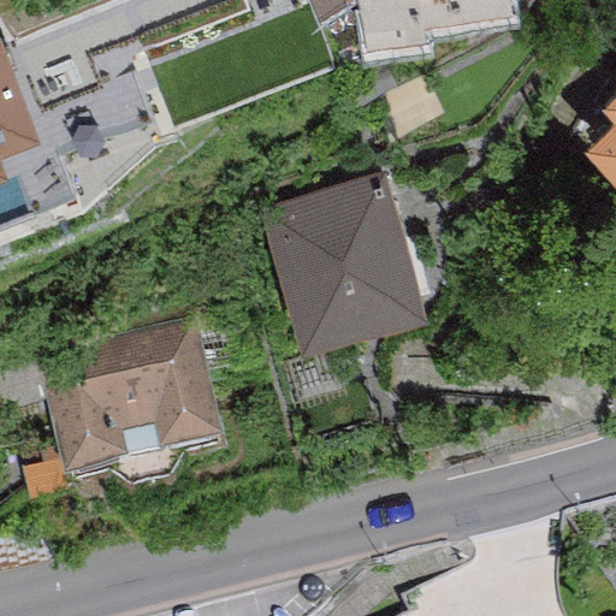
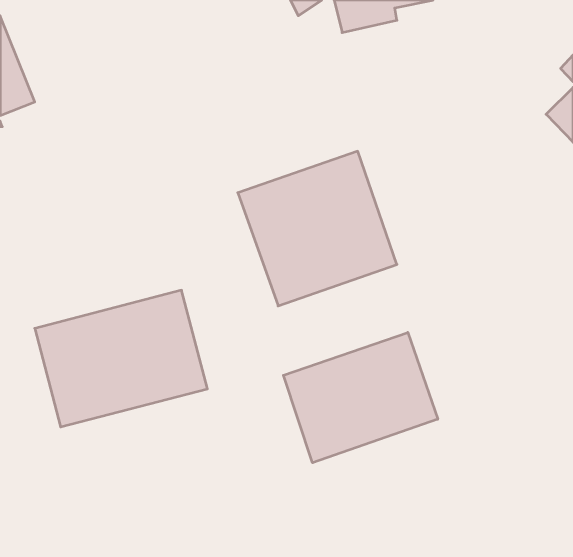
building: none -> [283,332,438,463]

